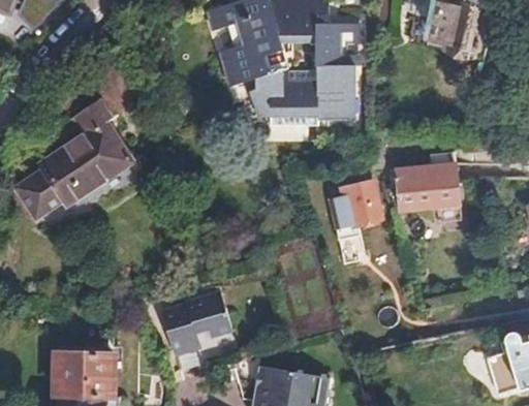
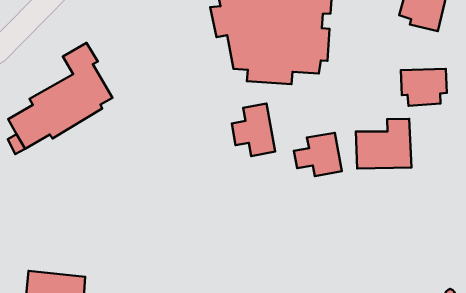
building: none -> [401,69,447,106]
building: none -> [232,103,275,156]
building: [159,285,234,354] -> none

